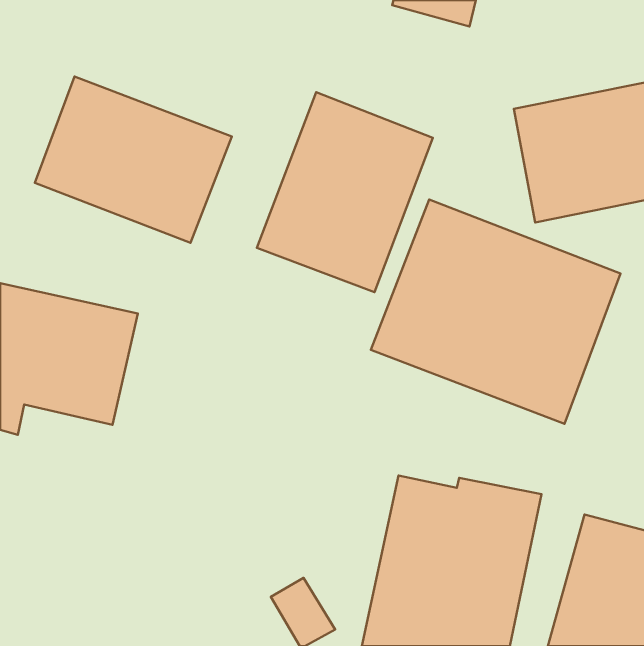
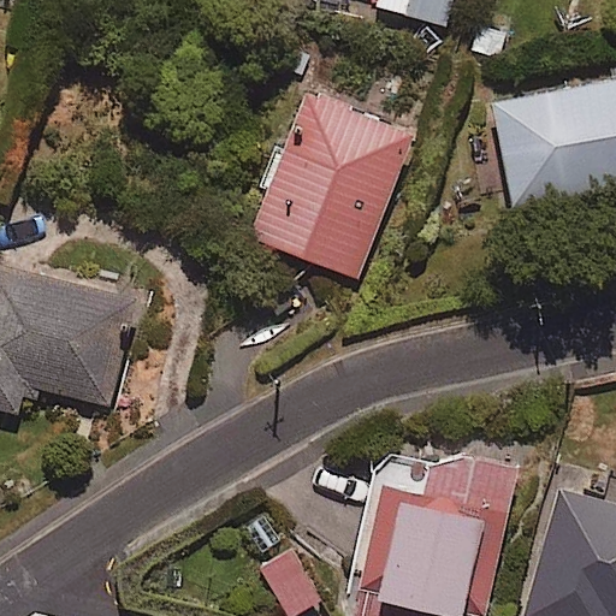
building: [35,76,232,243] -> none
building: [371,199,621,424] -> none

